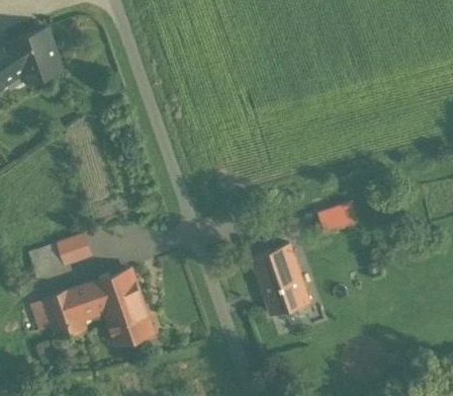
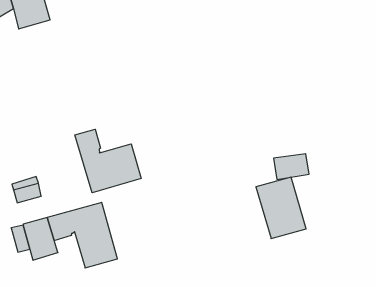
building: none -> [75,129,141,193]
building: [61,234,93,264] -> none
building: [253,244,311,314] -> [256,177,306,239]

